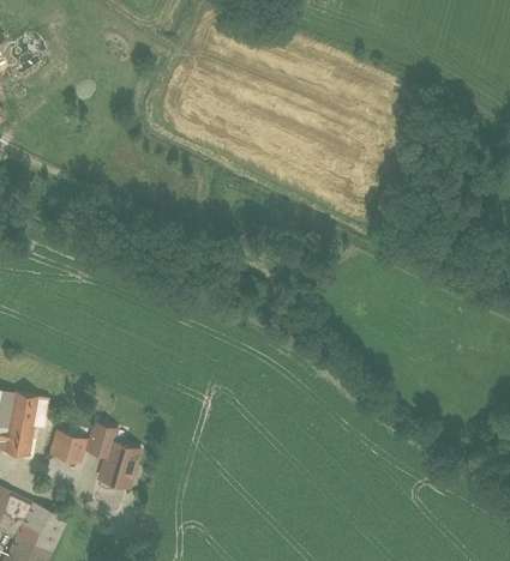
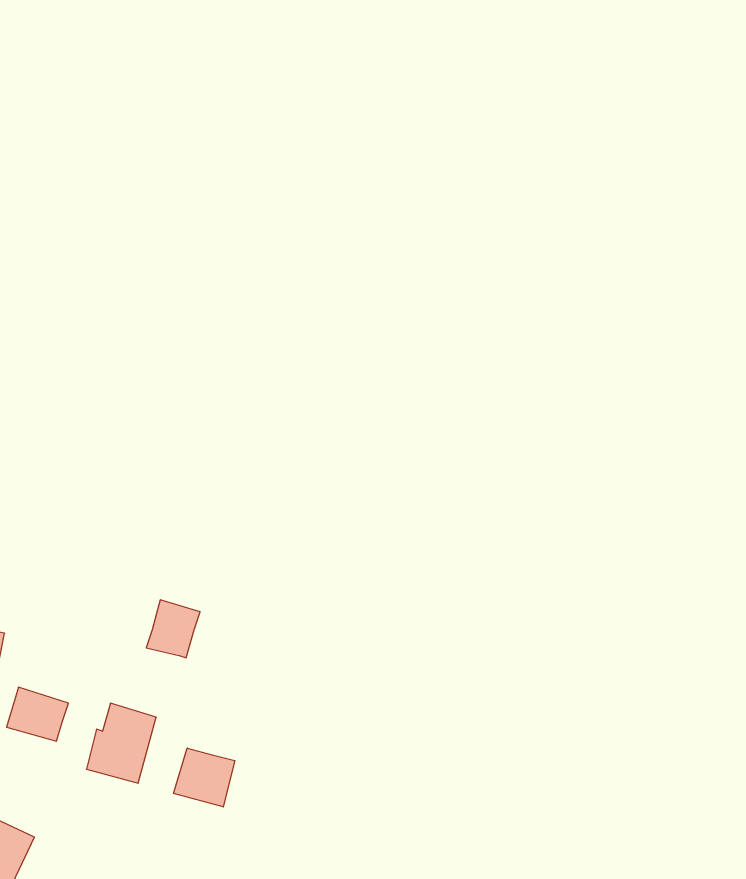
building: [84,423,116,458] -> [146,600,200,658]
building: none -> [174,748,235,807]

